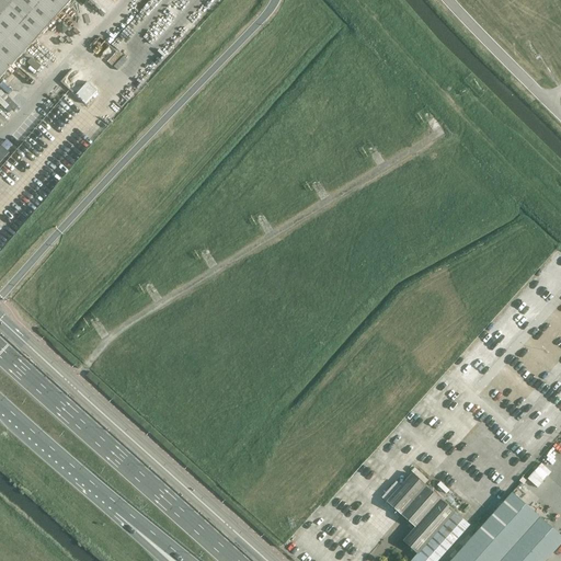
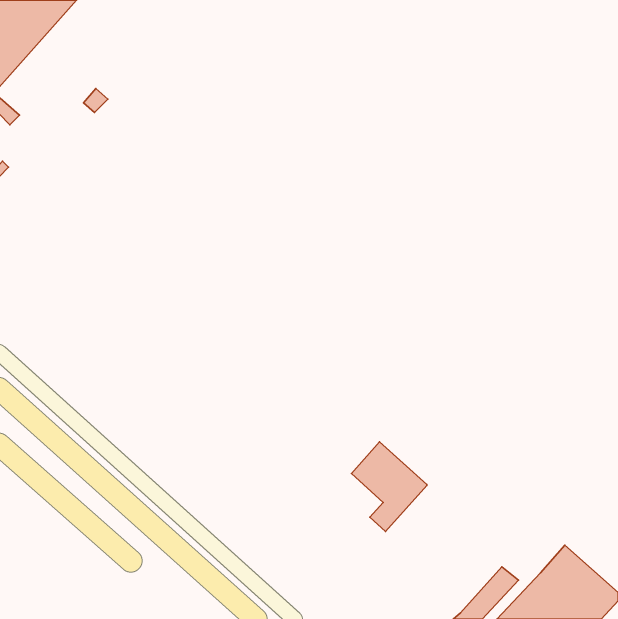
building: [386,473,454,554] -> [352,442,427,532]

